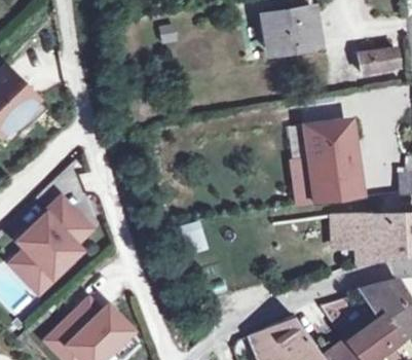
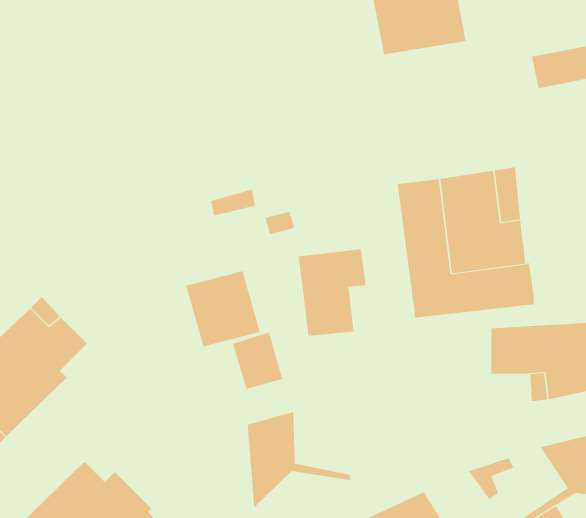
building: none -> [298,249,366,336]
building: none -> [186,270,261,347]
building: none -> [247,411,351,509]

